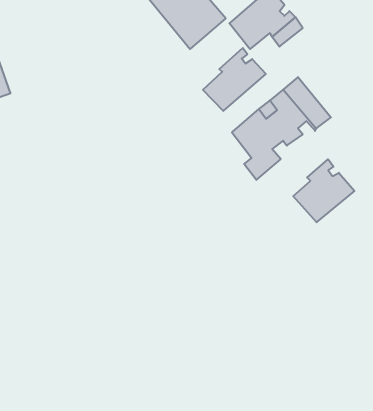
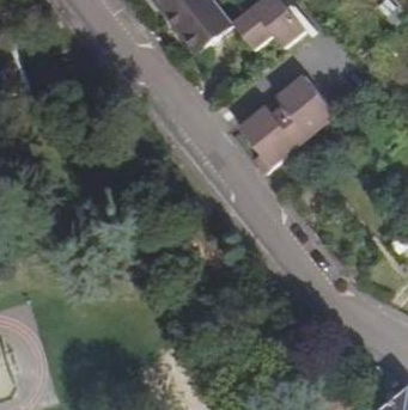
building: [203,48,266,111] -> none
building: [293,159,354,222] -> none

